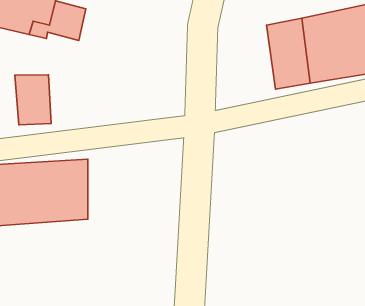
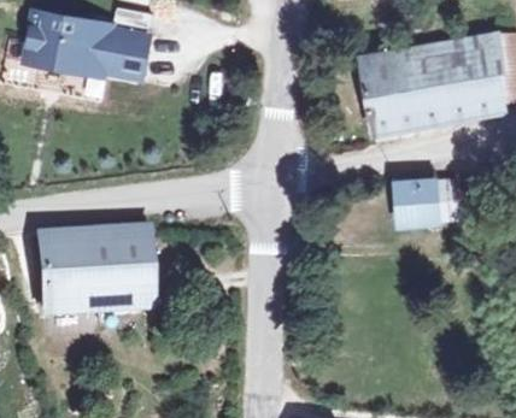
building: [15,75,51,125] -> none
building: none -> [403,175,462,222]

